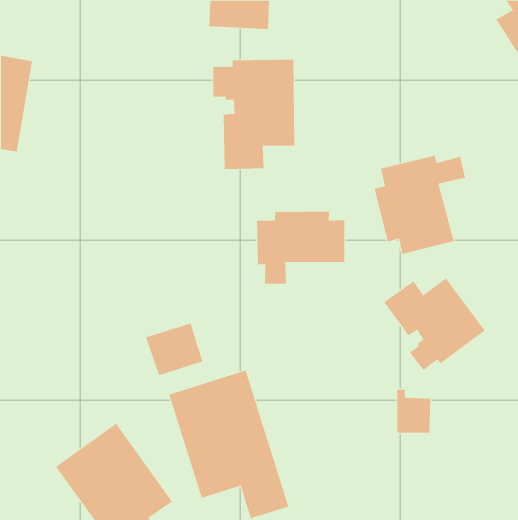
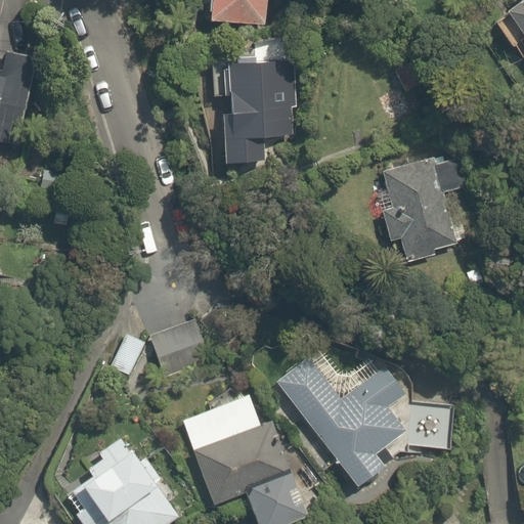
building: [257,211,345,284] -> none
building: [384,277,486,371] -> none
building: none -> [270,348,398,476]

